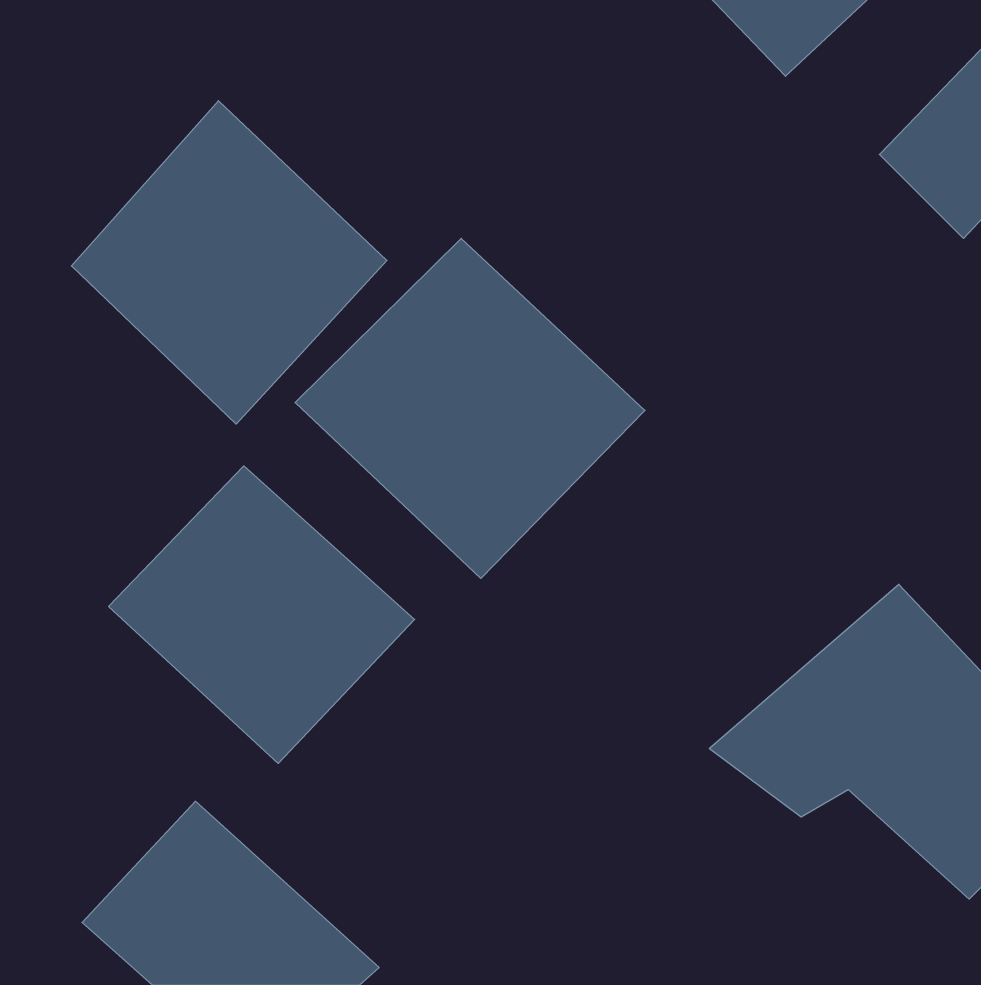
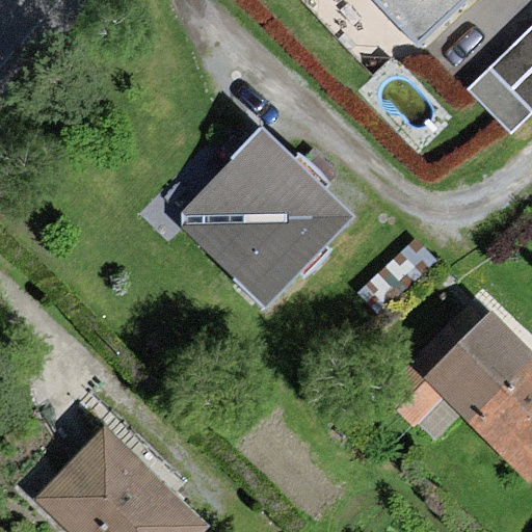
building: [71,101,387,424] -> none
building: [109,466,415,763] -> none

